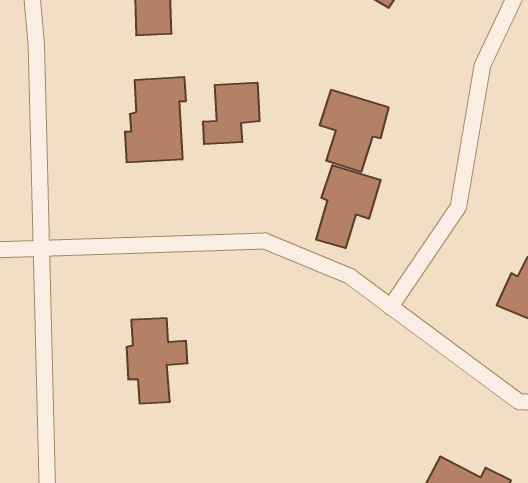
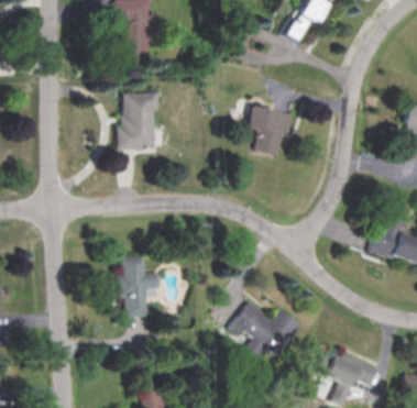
building: [203,83,259,144] -> none
building: [316,165,381,248] -> none
building: none -> [230,300,300,356]

